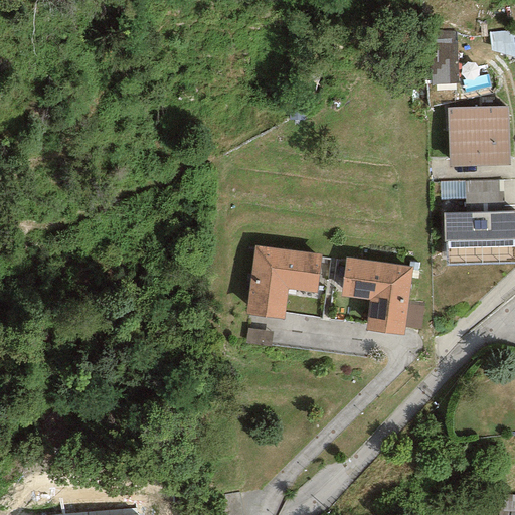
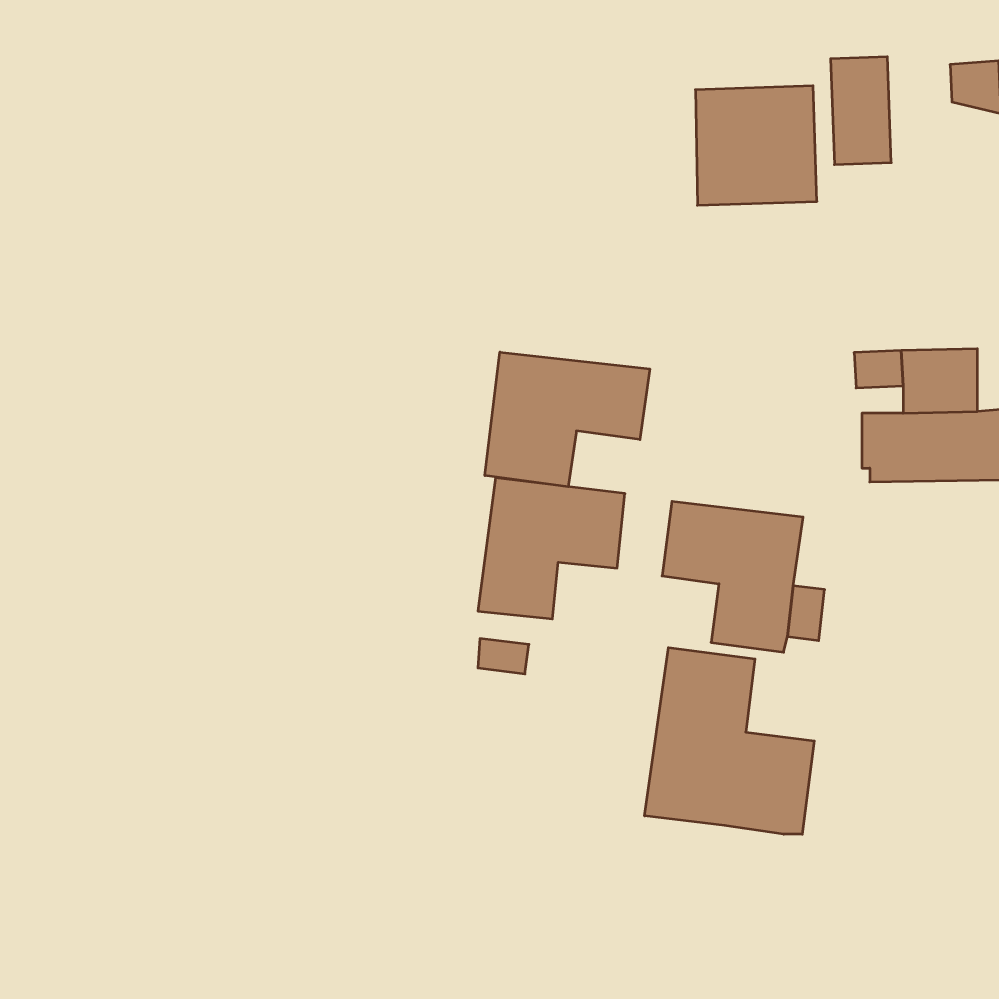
building: [448,105,510,166] -> [695,86,817,205]
building: none -> [485,352,650,487]
building: none -> [645,648,814,834]

